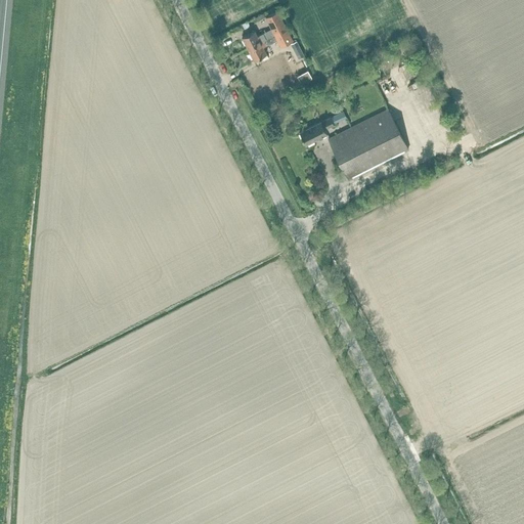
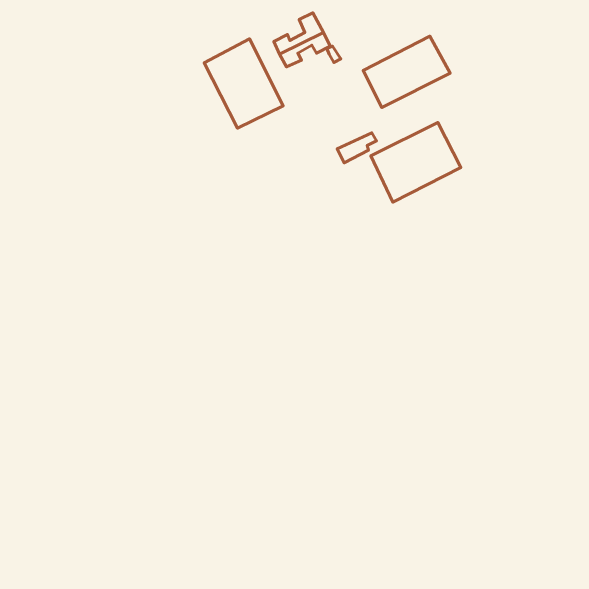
building: none -> [363,36,450,108]
building: none -> [204,39,283,128]

